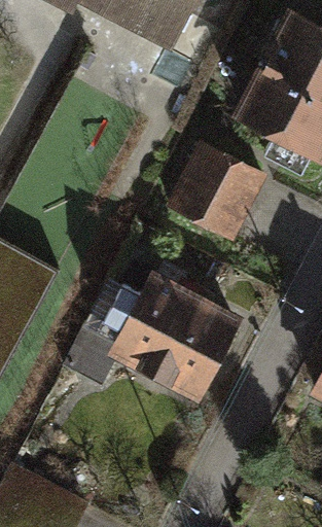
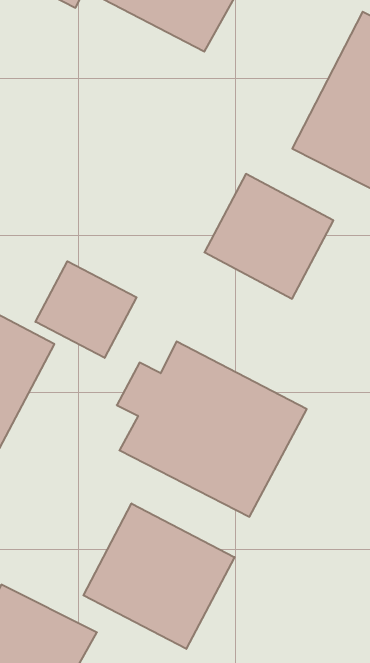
building: none -> [35,261,137,358]
building: none -> [83,503,235,649]

